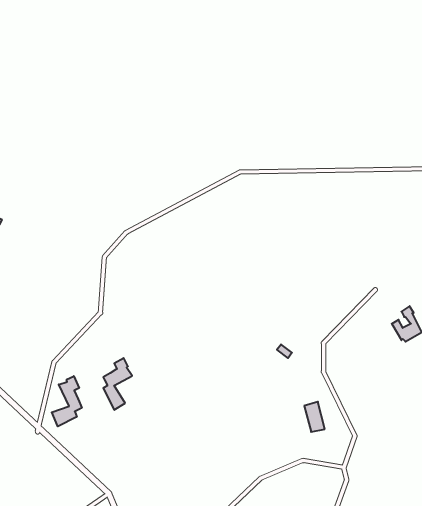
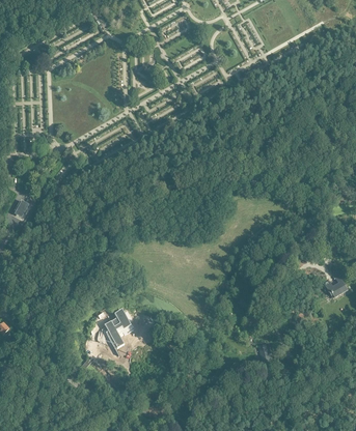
building: [52,376,82,426] -> none

